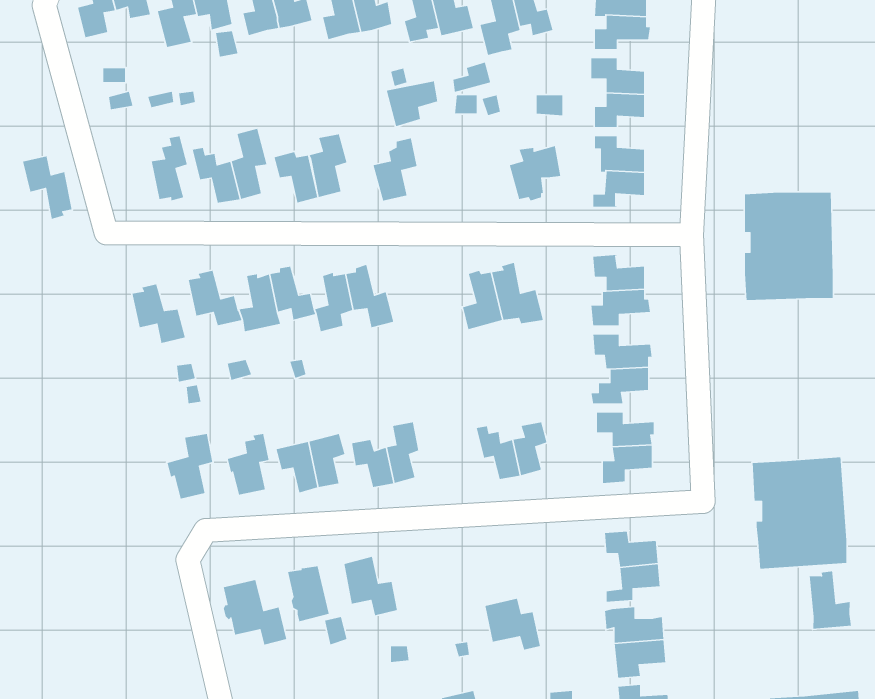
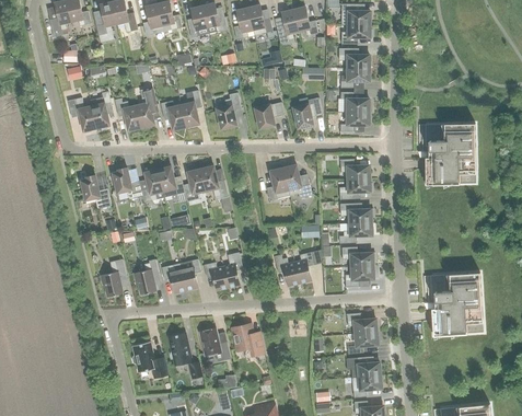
building: [386,80,438,127] -> [254,102,283,128]
building: [22,155,73,220] -> [67,96,95,132]
building: [809,570,852,630] -> none
building: [485,598,541,650] -> [232,324,264,354]

